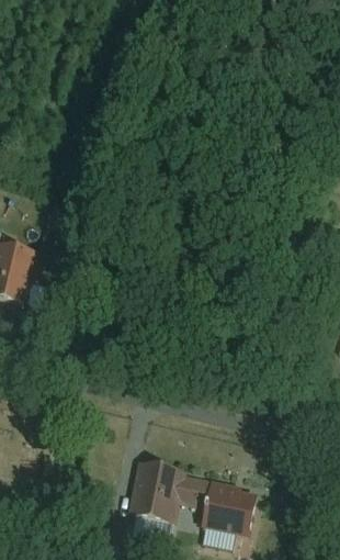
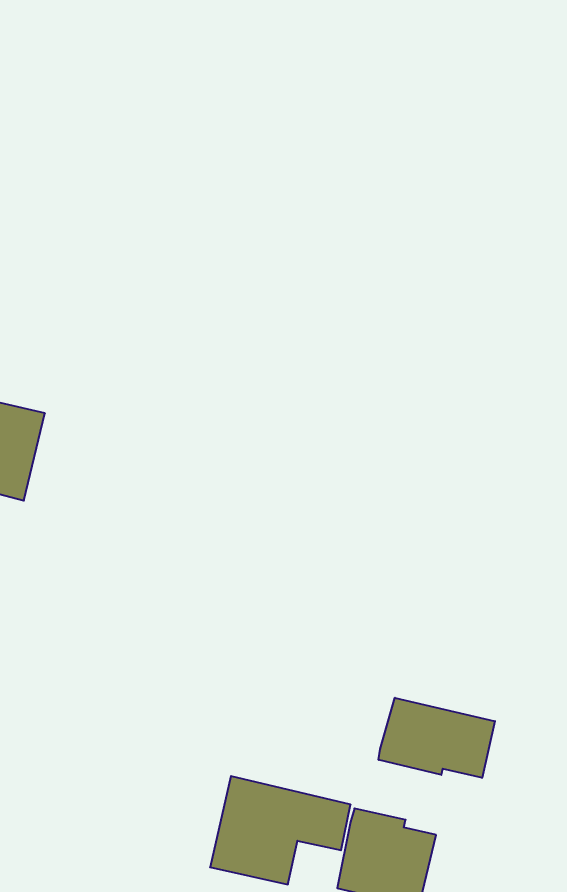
building: none -> [379,698,495,778]

